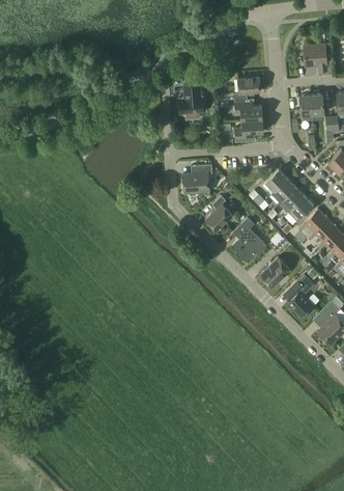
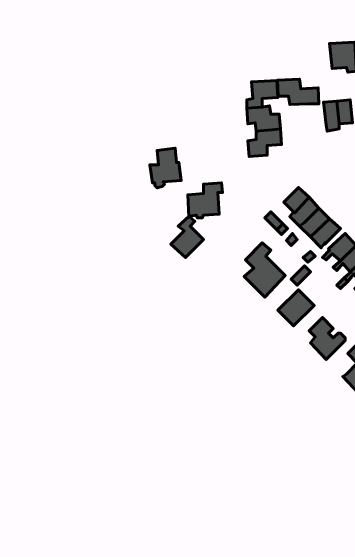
building: none -> [278,79,319,105]
building: [177,84,204,118] -> [150,148,181,188]
building: [205,196,233,231] -> [171,217,203,257]

